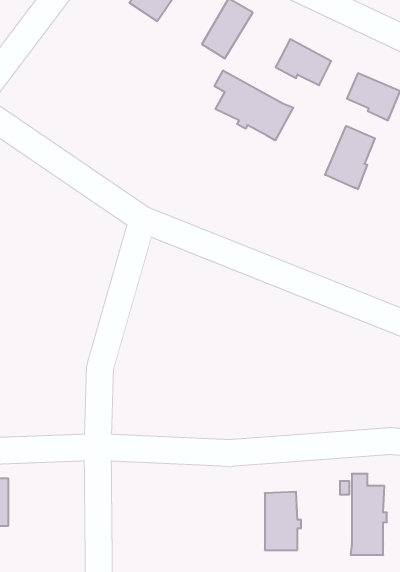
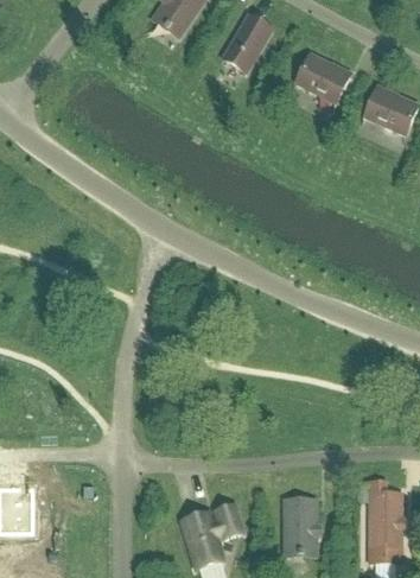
building: [215,70,293,140] -> none
building: [325,126,375,189] -> none
building: none -> [183,504,242,567]

